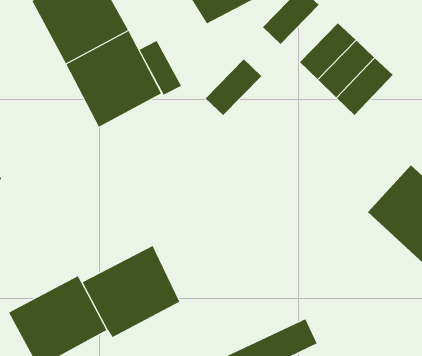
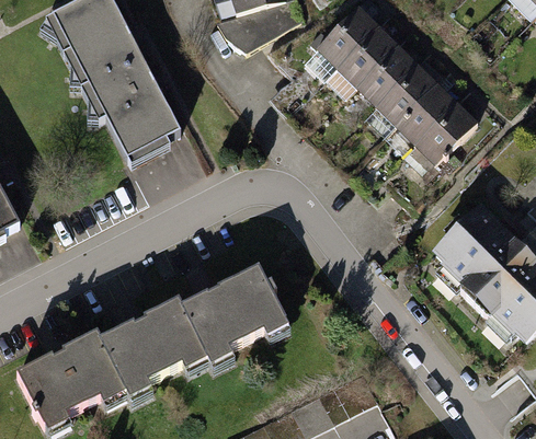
building: [139,40,182,96] -> none
building: [205,58,262,116] -> [327,23,391,88]
building: none -> [410,102,475,167]
building: none -> [186,262,295,363]

